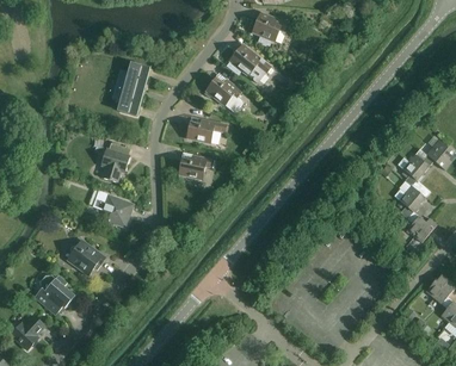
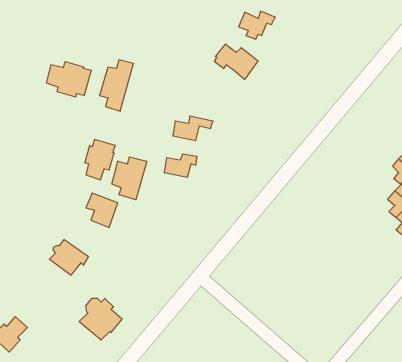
building: none -> [47,62,91,97]
building: [204,79,242,112] -> none
building: none -> [112,157,147,200]
building: [32,274,74,315] -> [79,298,122,340]

